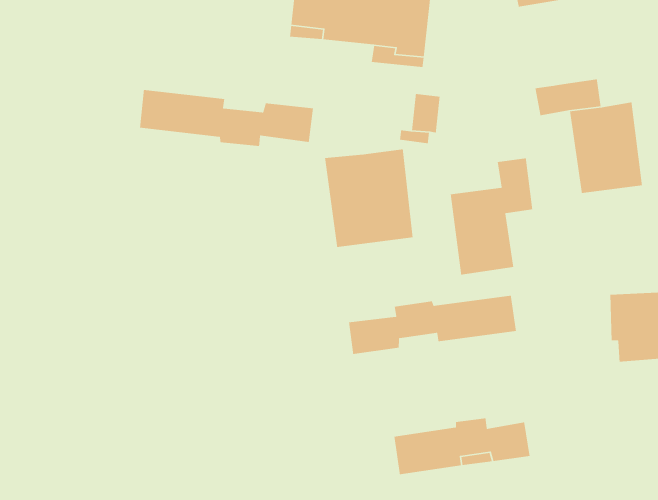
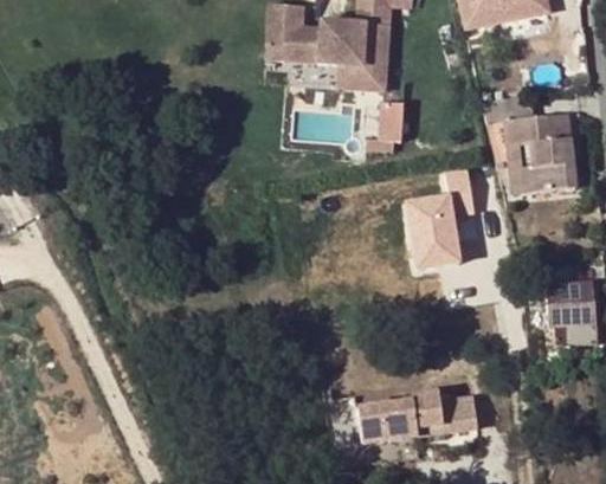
building: [139,89,314,147] -> none
building: [324,148,414,248] -> none
building: [348,295,517,355] -> none

